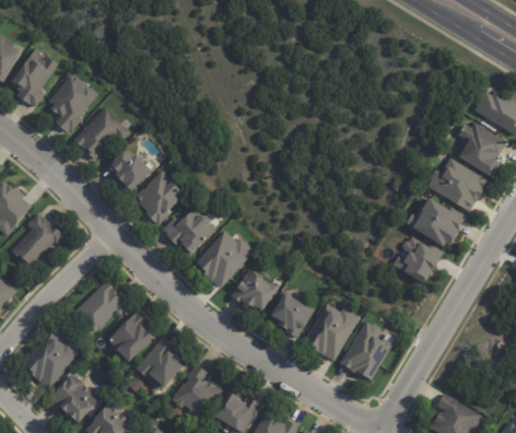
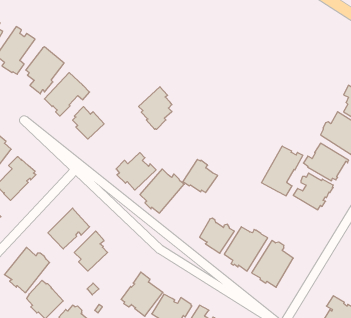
building: [136,169,178,224] -> [139,87,172,129]
building: none -> [262,146,303,196]
building: [232,267,277,309] -> [183,159,218,193]
building: [139,336,183,390] -> none

